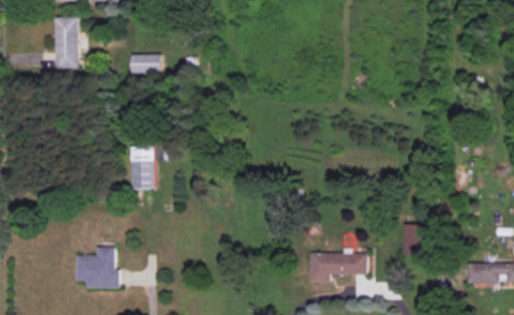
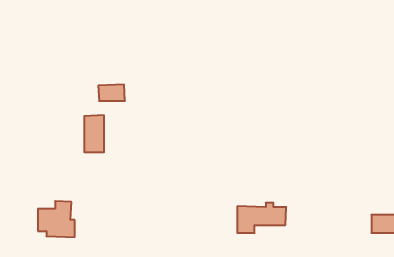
building: [54,16,79,68] -> none
building: [130,54,161,73] -> [98,85,125,101]
building: [404,224,426,254] -> none

